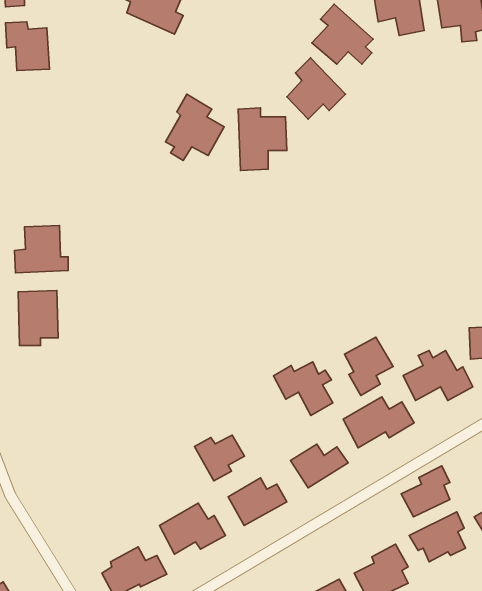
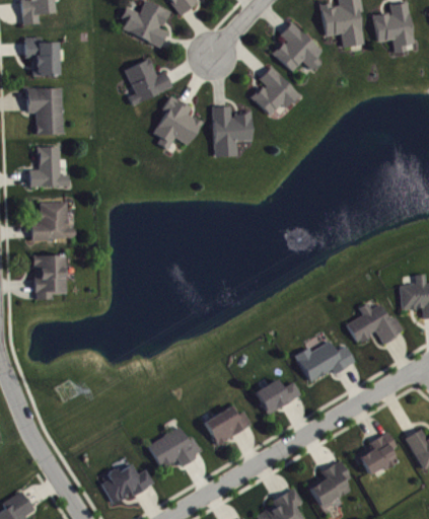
building: none -> [124,59,171,104]
building: none -> [26,87,62,135]
building: none -> [29,146,69,187]
building: [344,337,393,395] -> none
building: [273,362,333,416] -> none
building: [195,435,244,481] -> none
building: [401,466,450,517] -> none

